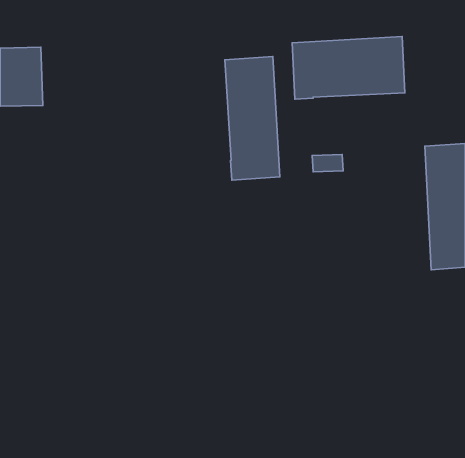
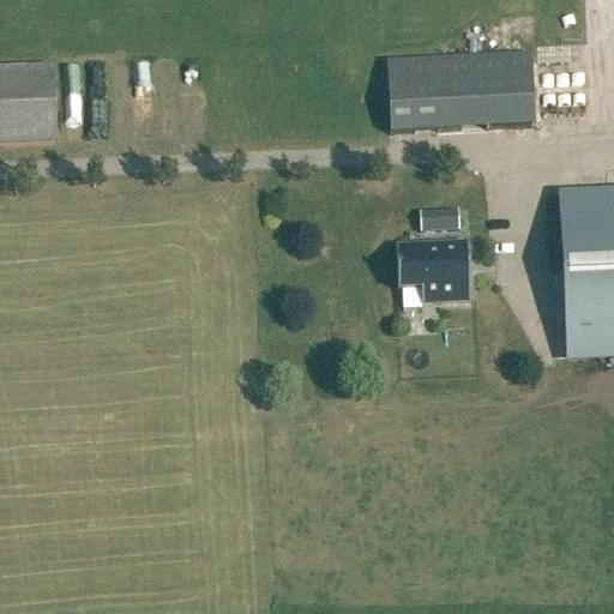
building: [225,56,280,180] -> none
building: none -> [395,240,469,300]

